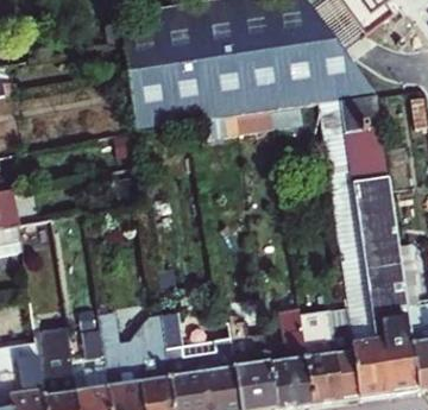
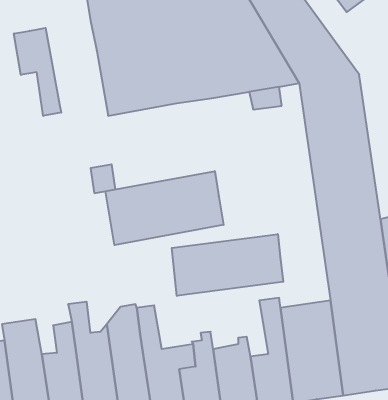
building: none -> [14,28,61,116]
building: none -> [106,171,224,245]
building: none -> [172,234,283,296]

